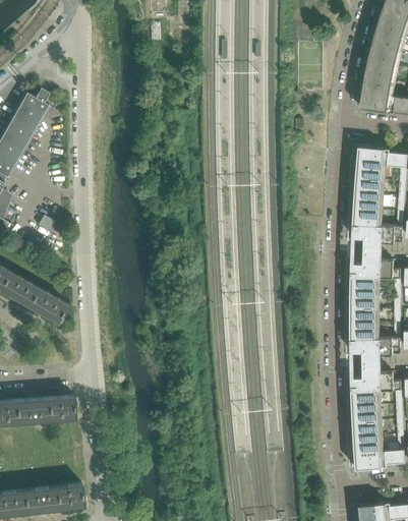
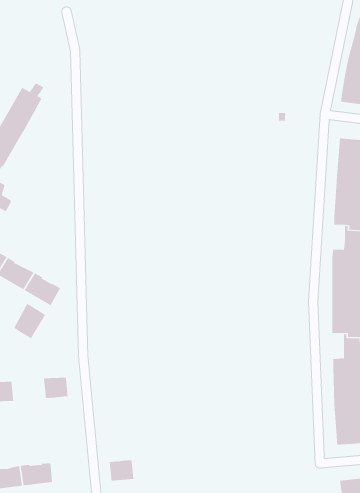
building: none -> [12,303,46,339]
building: [14,398,49,422] -> none
building: [55,483,81,507] -> [109,459,134,481]

